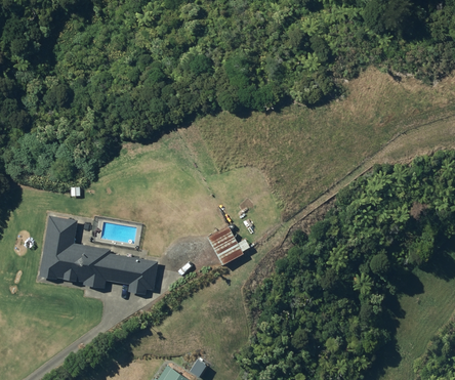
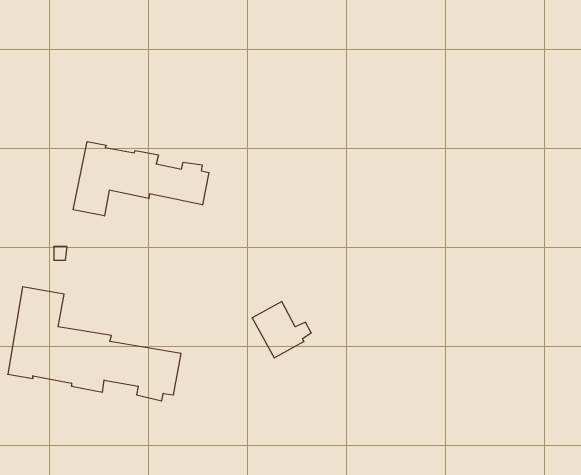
building: none -> [73,142,209,216]

